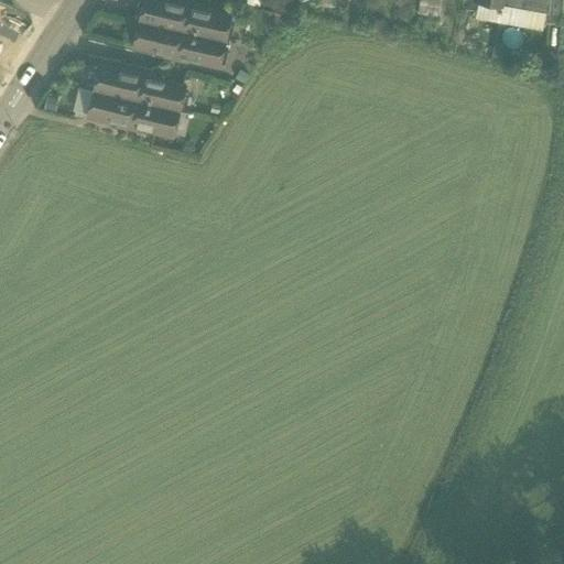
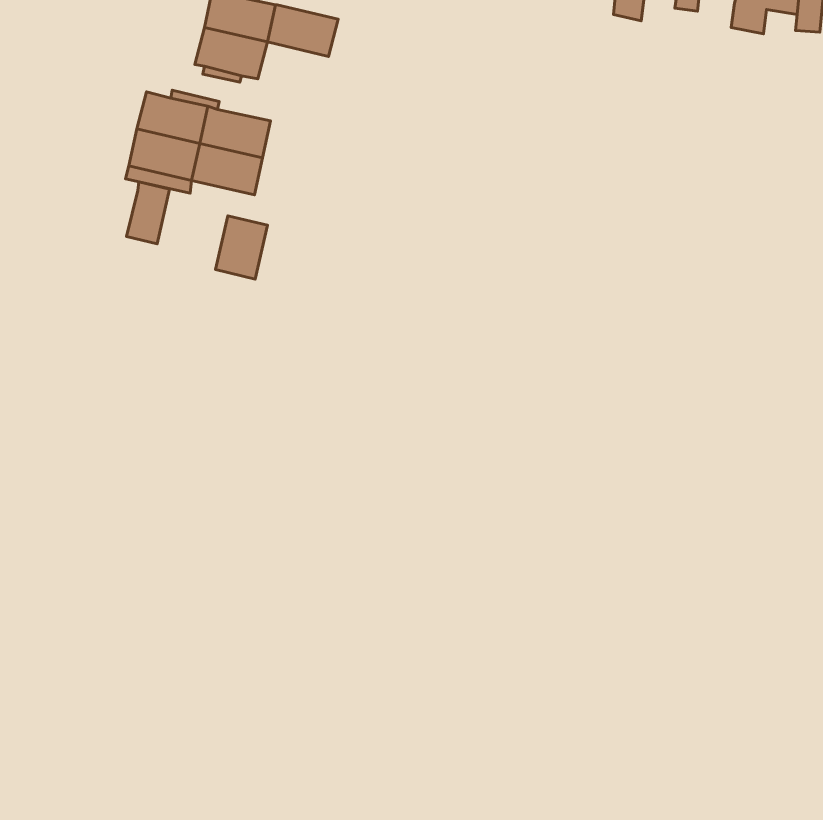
building: [176,29,225,64] -> none
building: none -> [127,182,169,244]
building: none -> [216,216,267,279]

